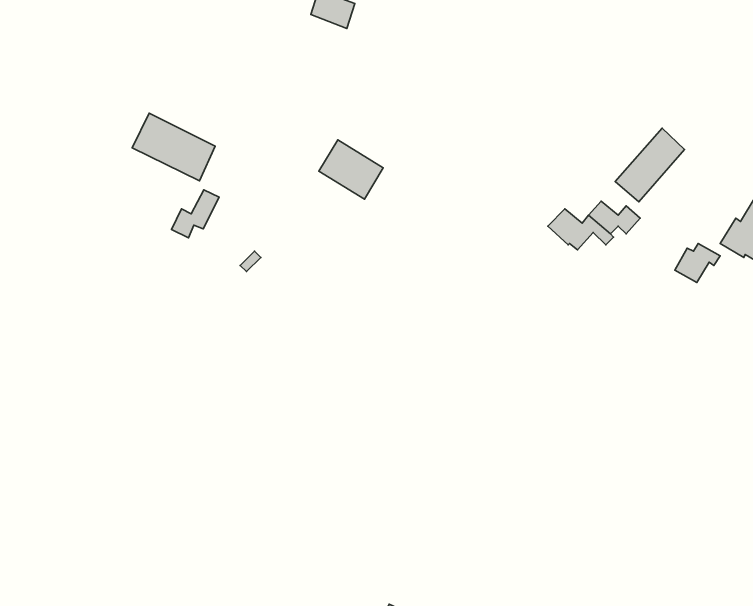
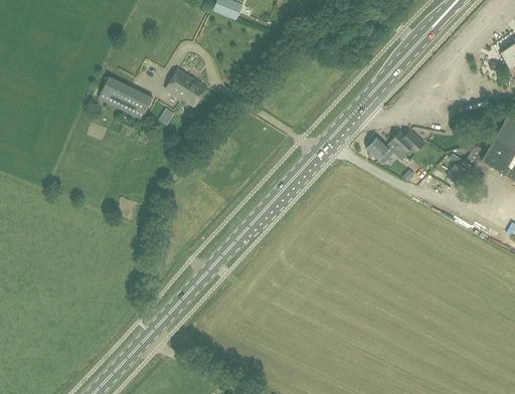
building: [615,128,685,202] -> none
building: [319,140,383,199] -> [166,68,207,107]
building: [171,190,219,238] -> none

